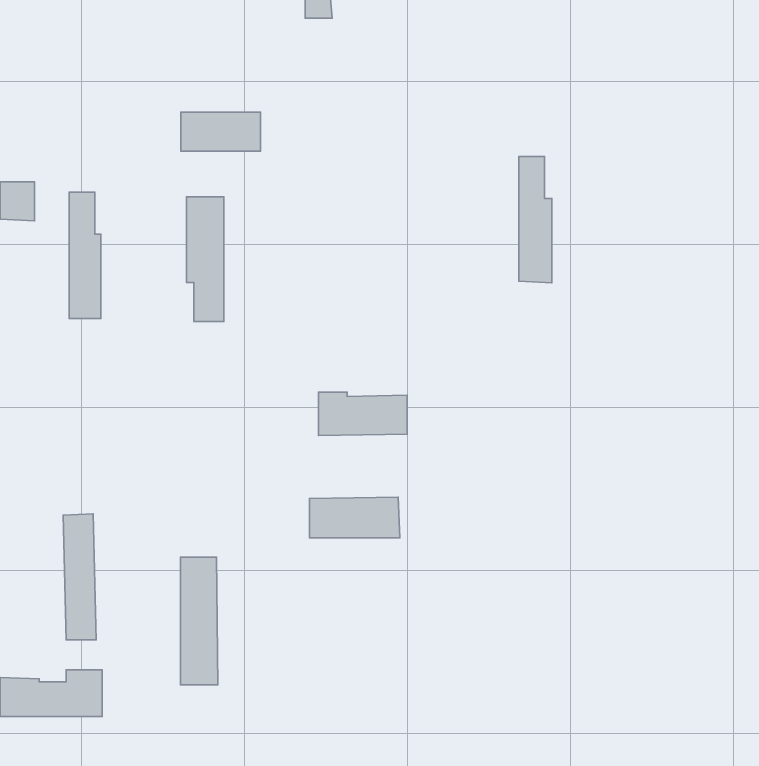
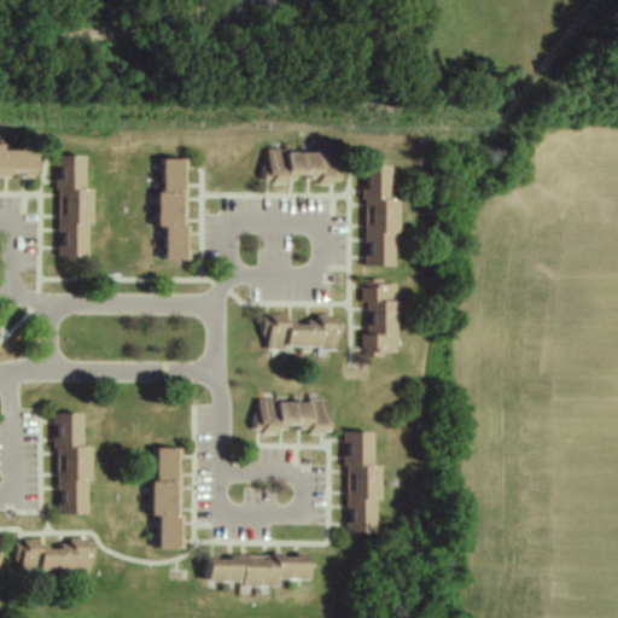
building: [181,112,260,151] -> [266,150,330,181]
building: [519,157,552,283] -> [368,164,395,266]
building: none -> [368,282,397,355]
building: none -> [349,431,377,534]
building: none -> [204,554,307,585]

